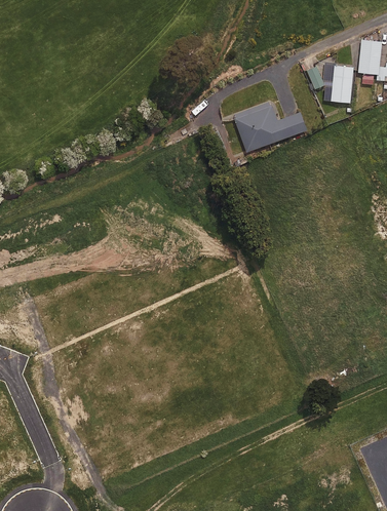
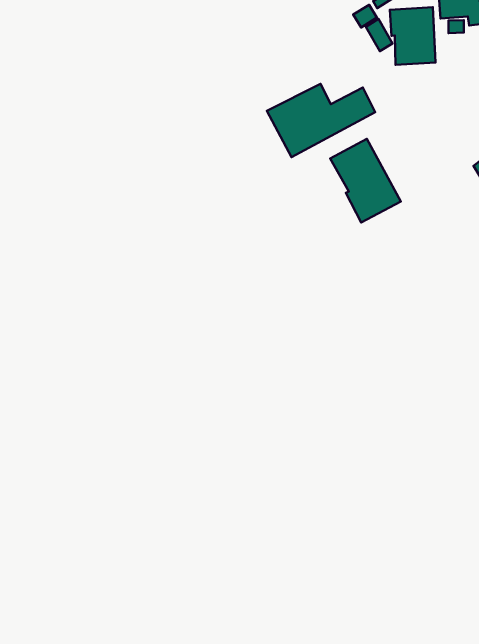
building: none -> [330,139,401,223]

